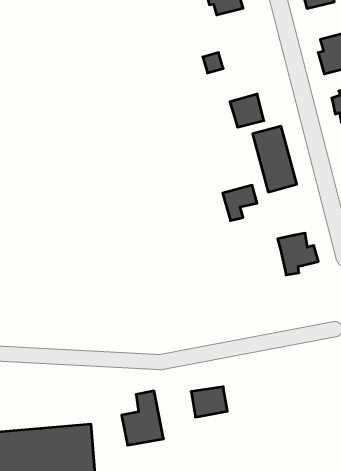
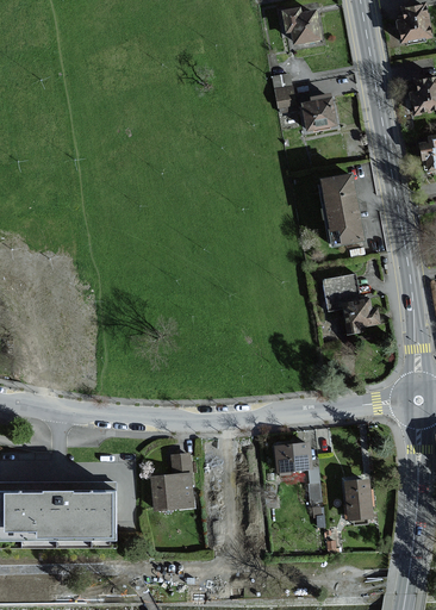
building: [230,94,264,127] -> [301,95,337,130]
building: [223,185,257,221] -> [322,274,359,311]
building: [191,387,227,417] -> [275,441,313,472]
building: none -> [344,478,373,525]

